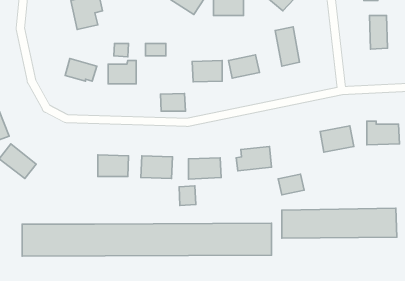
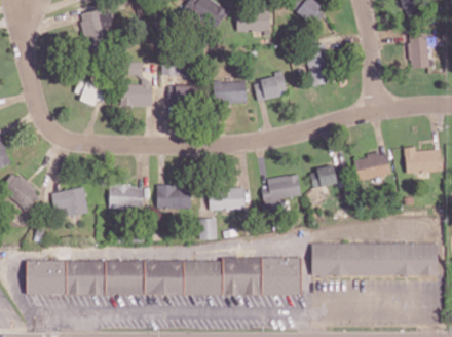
building: [160,93,186,111] -> [168,85,196,105]
building: none -> [52,188,87,216]
building: [278,174,304,195] -> [310,165,339,188]

